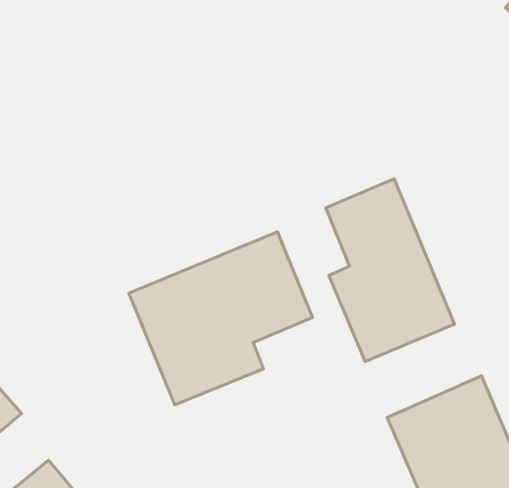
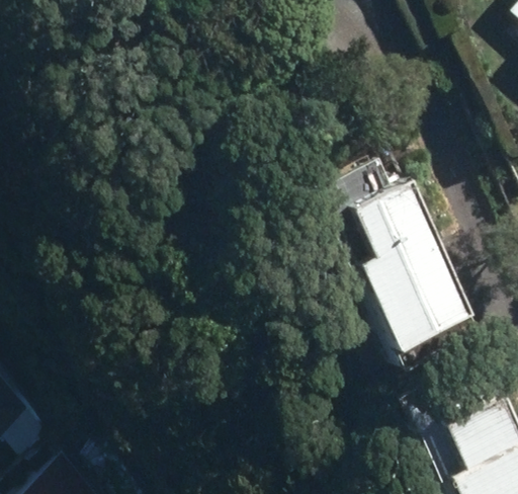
building: [129,232,313,405] -> none

